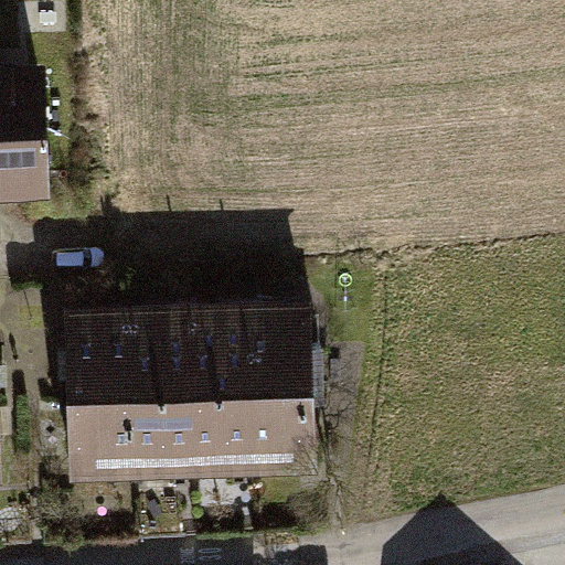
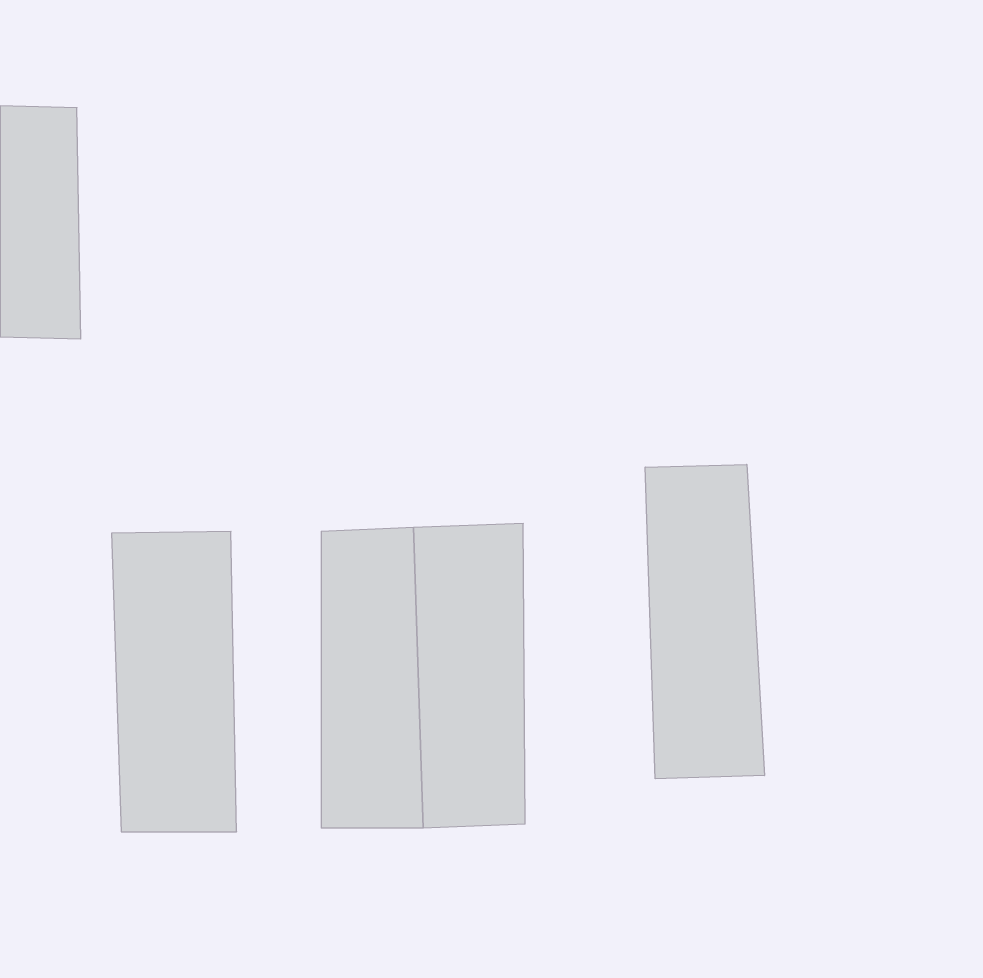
building: none -> [645,464,764,779]
building: [132,305,184,477] -> none

